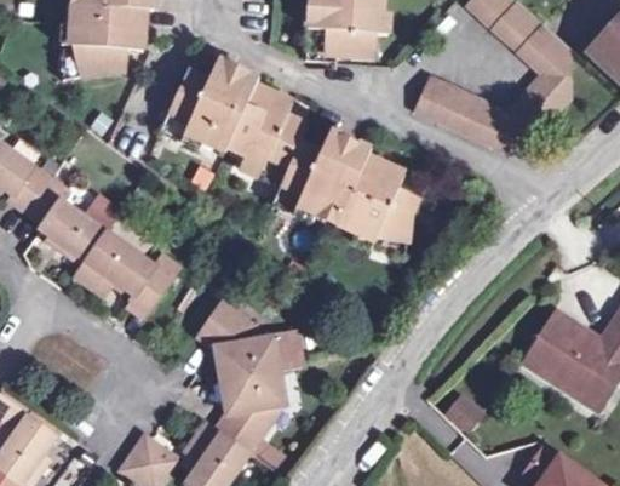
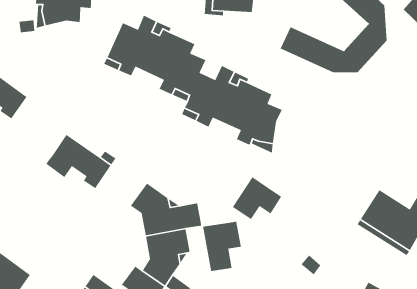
building: [27,178,120,261] -> none
building: none -> [232,176,282,220]
building: none -> [202,221,242,272]

